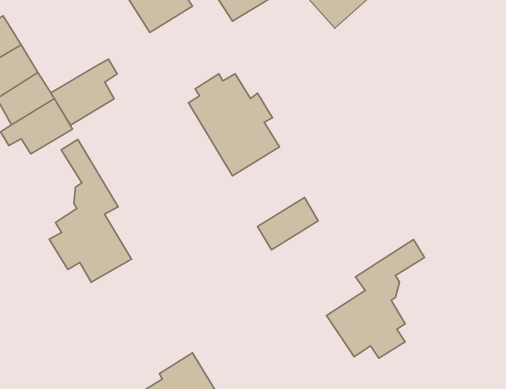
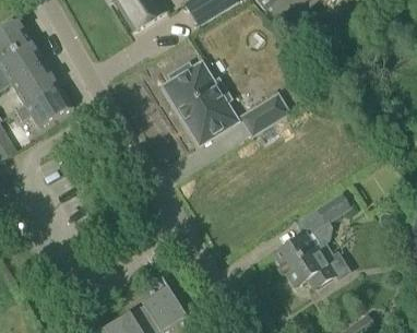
building: [51,59,117,125] -> none
building: [49,139,131,282] -> none
building: [258,197,318,250] -> [240,94,288,135]

